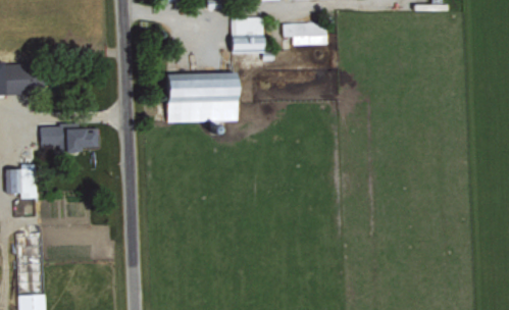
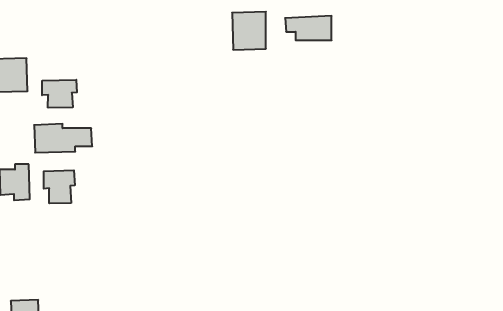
building: [166,72,238,122] -> none
building: none -> [42,80,77,108]
building: none -> [44,170,75,203]

